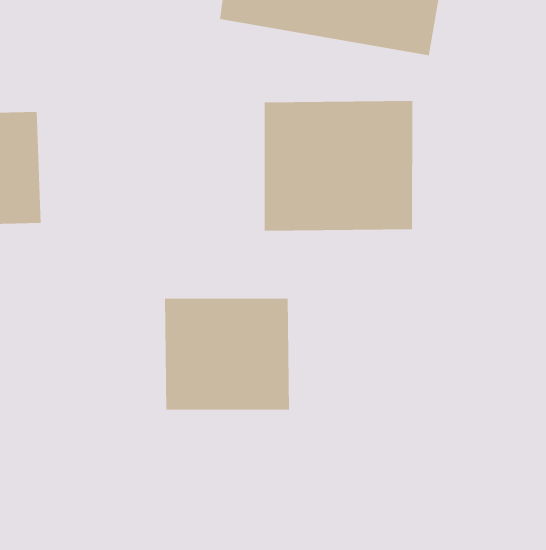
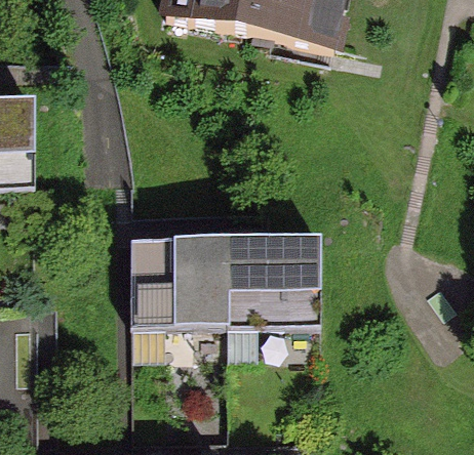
building: [264,100,413,232] -> none
building: none -> [228,239,320,328]

